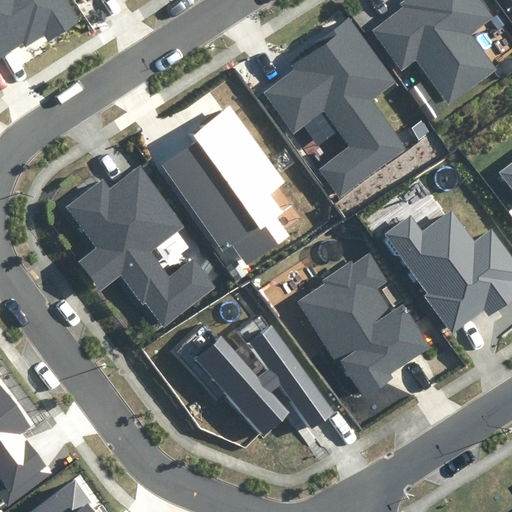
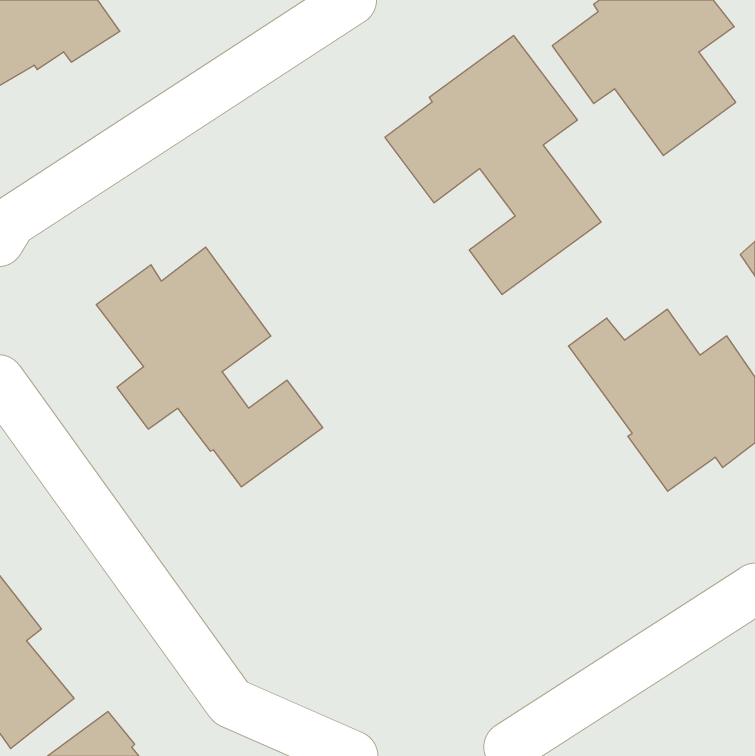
building: [159,104,287,265] -> none
building: [294,254,431,395] -> none
building: [194,325,332,437] -> none

